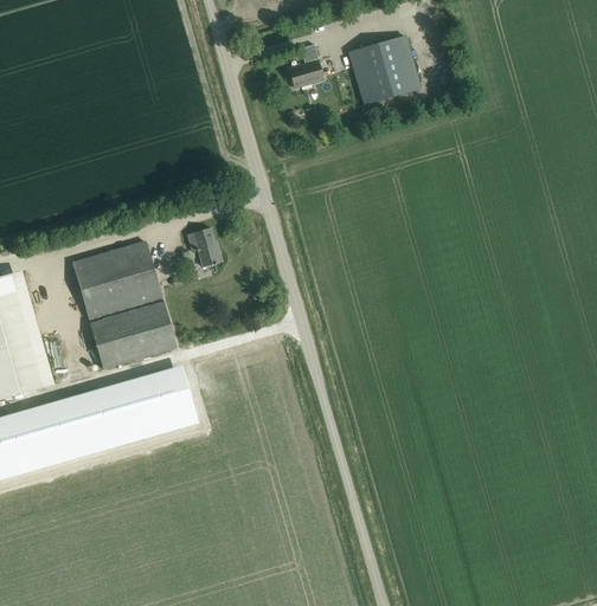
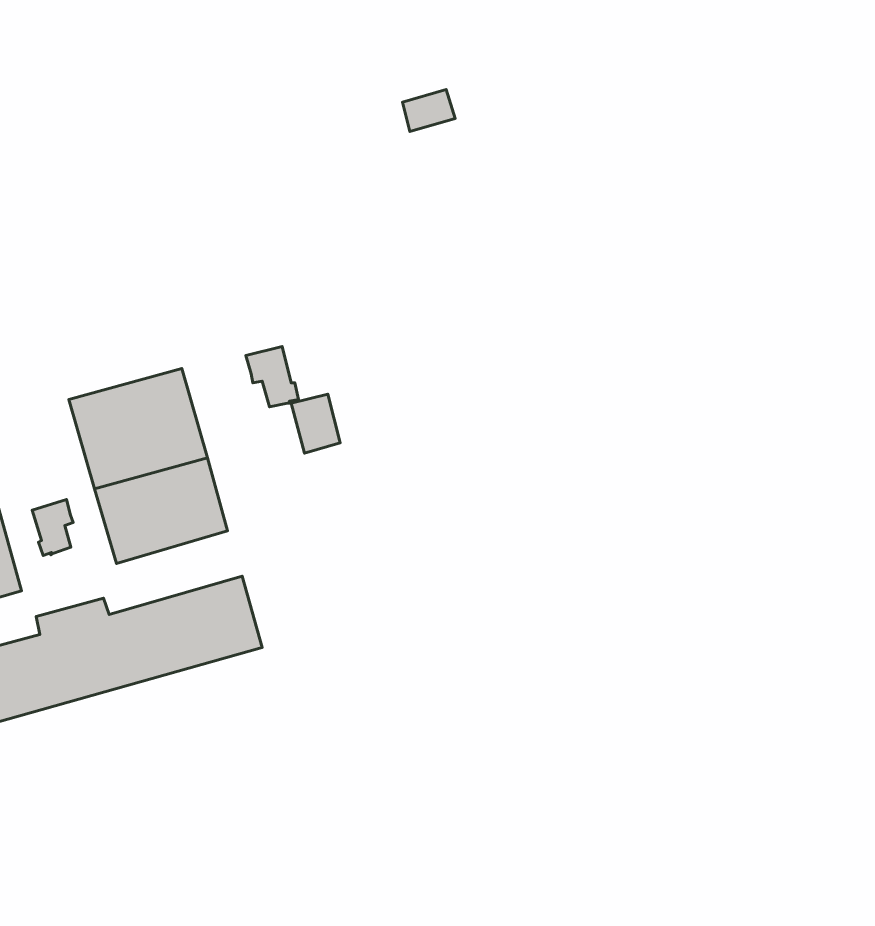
building: [349,34,419,103] -> none
building: none -> [291,394,340,453]
building: none -> [32,500,73,556]

